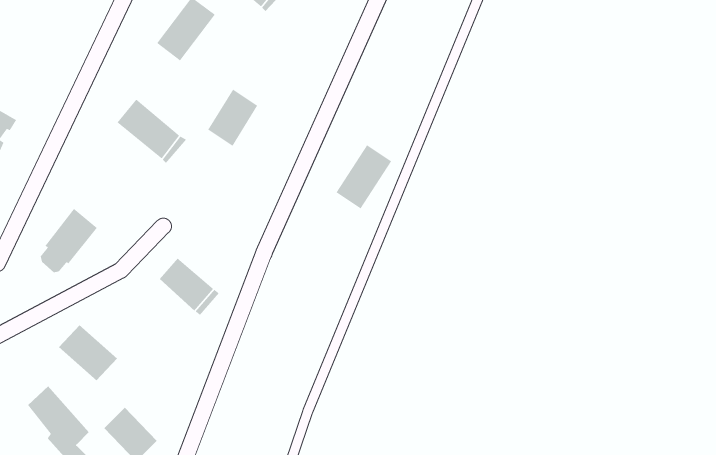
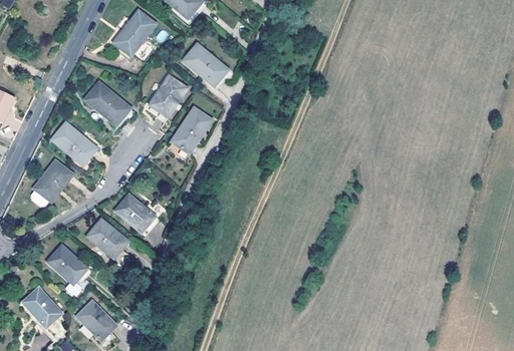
building: none -> [183,44,228,87]
building: [335,144,392,210] -> [171,108,211,154]
building: none -> [52,122,96,163]
building: none -> [86,218,125,256]

